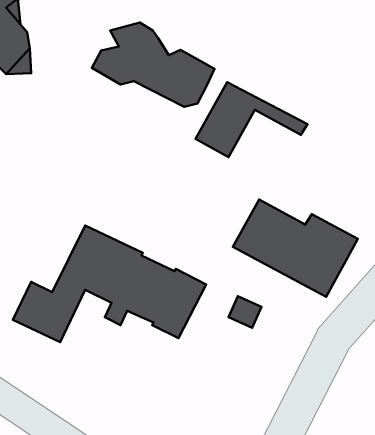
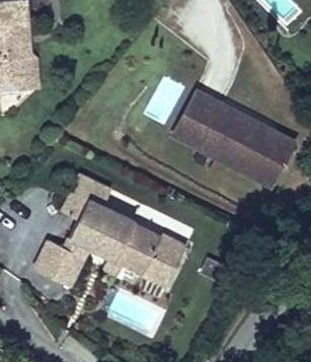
building: [92,23,215,107] -> none
building: [233,200,358,297] -> [198,110,294,185]

